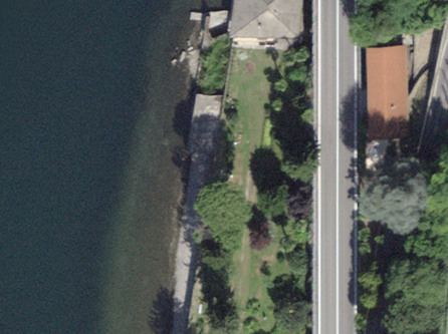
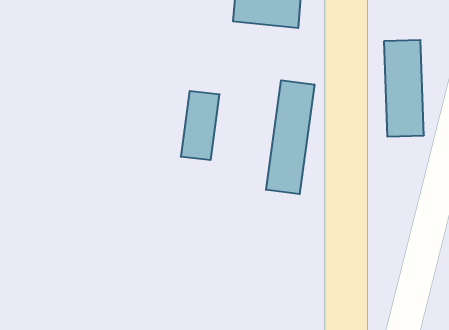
building: none -> [266,80,314,194]

